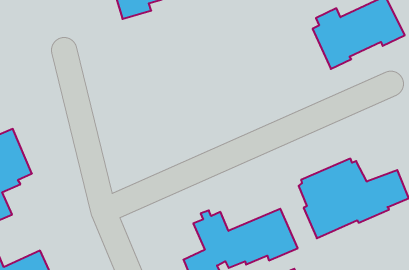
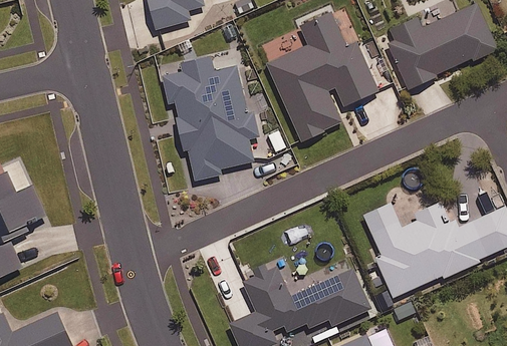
building: none -> [267,12,376,140]
building: none -> [163,60,258,181]

